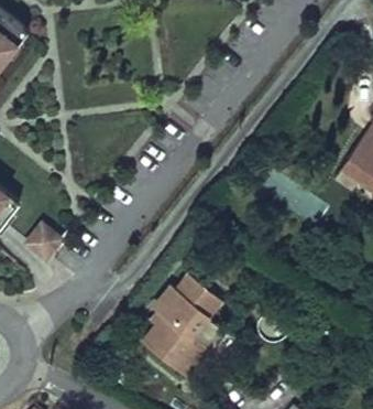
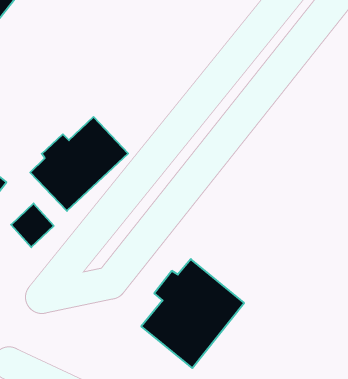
building: none -> [30,117,128,211]

